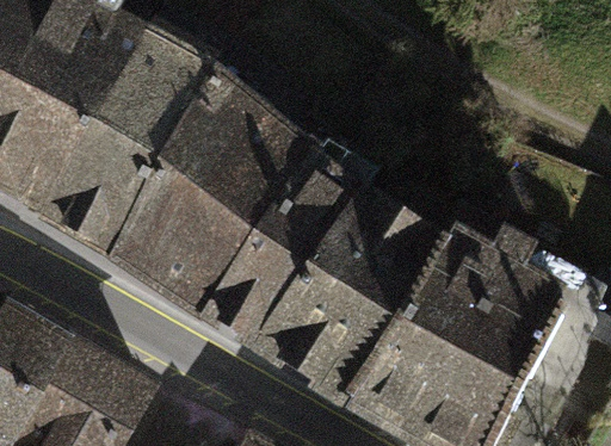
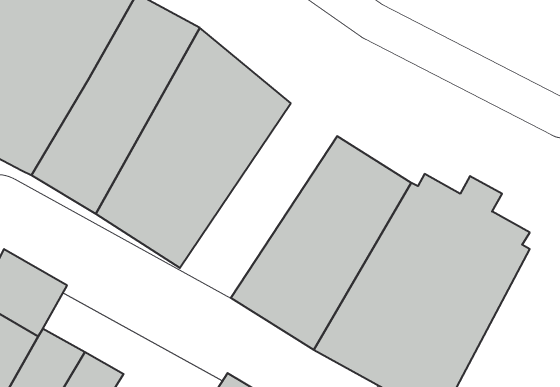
building: [195,138,364,348] -> none
building: [47,335,160,430] -> none

